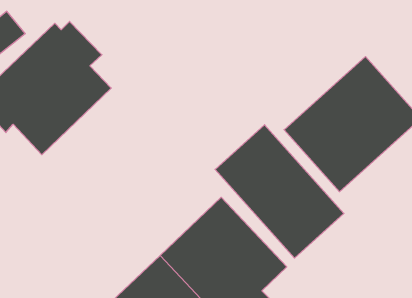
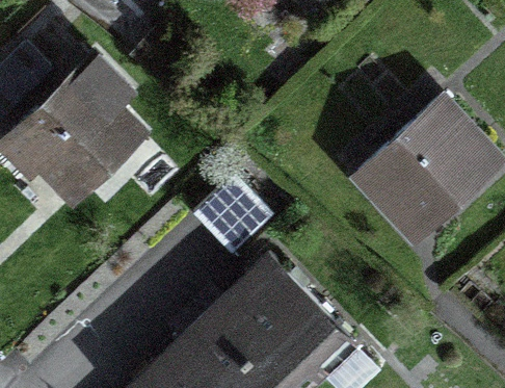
building: [215,125,344,258] -> none

